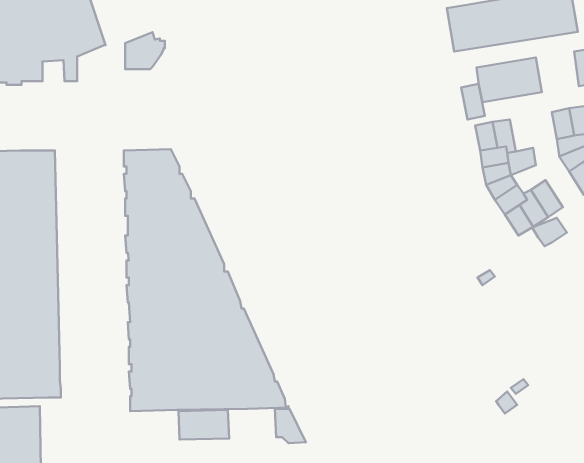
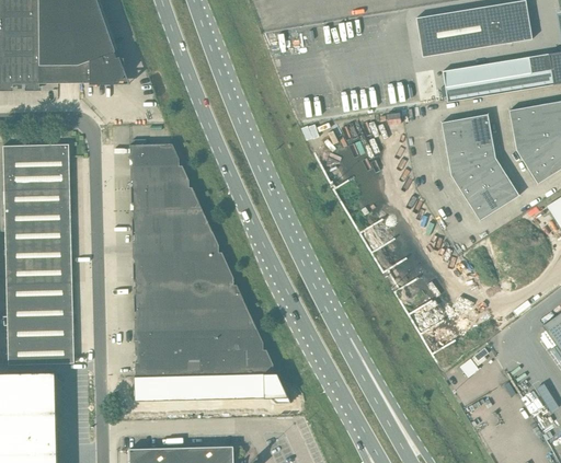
building: [125,32,165,69] -> [88,50,123,83]
building: none -> [494,56,533,92]
building: [461,84,485,120] -> [471,113,492,144]
building: [532,218,567,246] -> [472,157,503,182]
building: none -> [221,372,264,398]
building: none -> [133,374,179,401]

